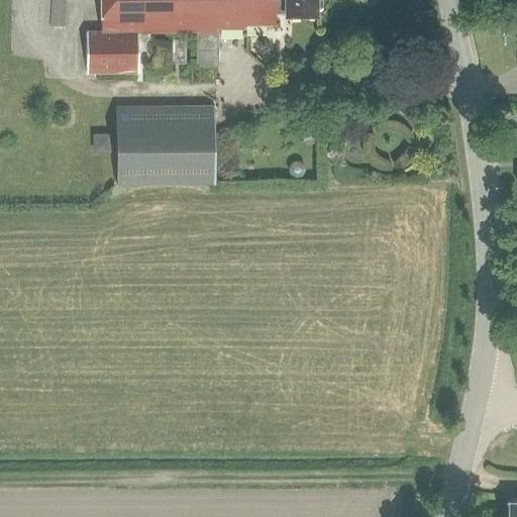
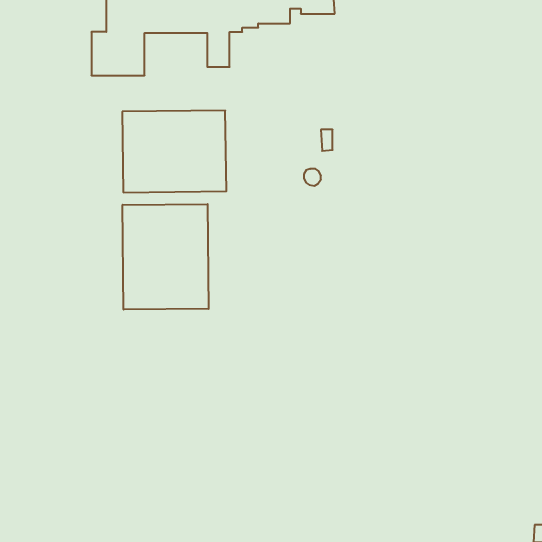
building: none -> [123,204,209,310]

